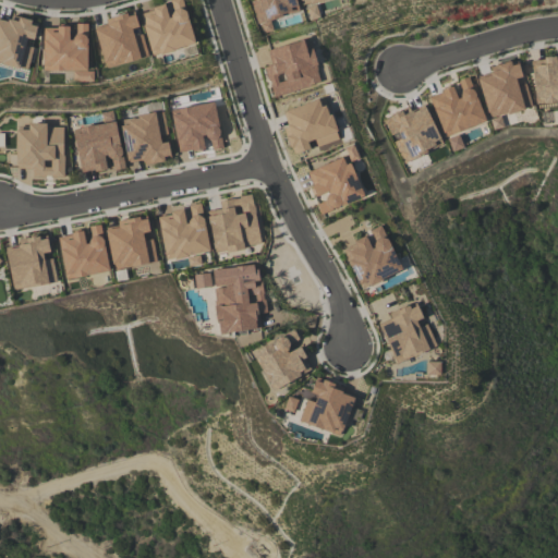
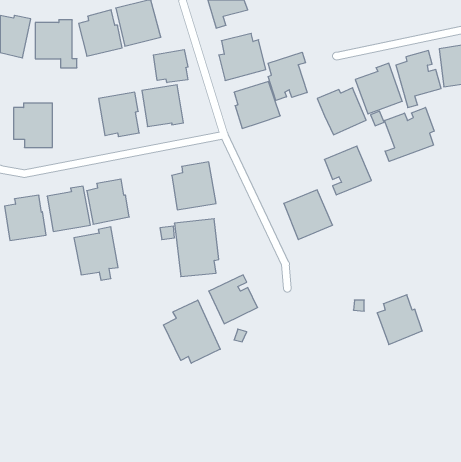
building: none -> [153,50,188,83]
building: none -> [268,52,307,100]
building: [73,121,125,173] -> none
building: none -> [384,107,434,161]
building: [307,156,364,215] -> [324,146,371,195]
building: [157,203,210,267] -> [74,227,118,280]
building: [381,303,436,363] -> [377,295,422,345]
building: none -> [164,300,220,363]
building: [299,380,355,436] -> none

